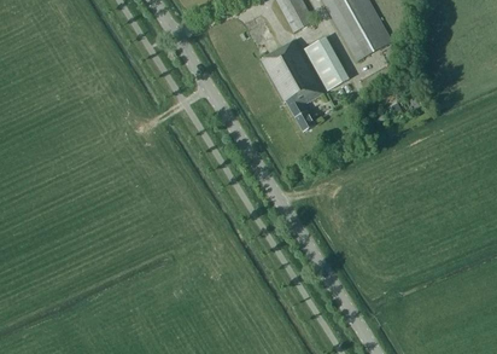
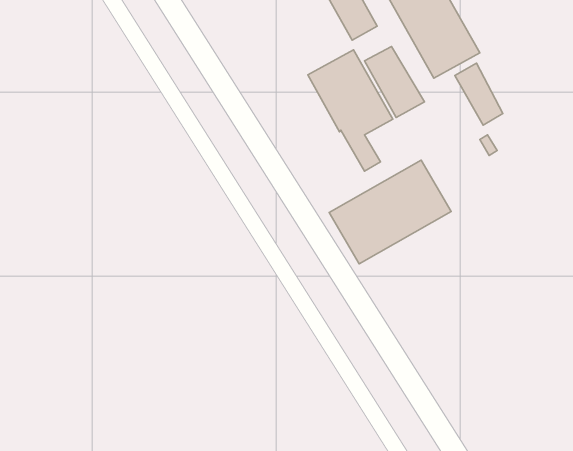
building: none -> [455,63,503,125]
building: none -> [329,160,451,264]

